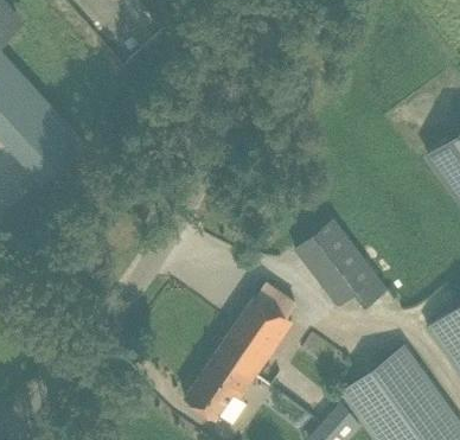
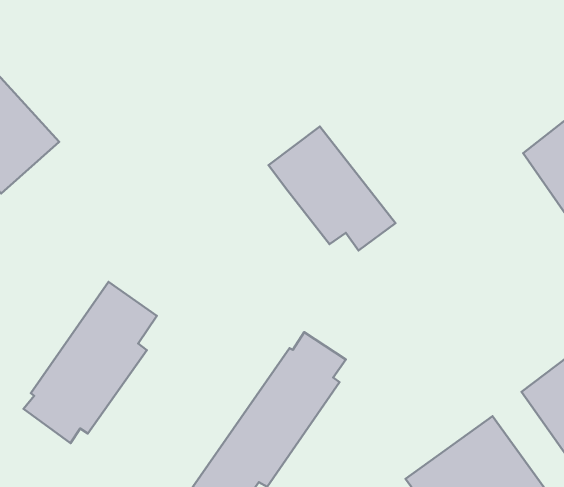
building: [294,219,388,311] -> [268,126,396,251]
building: none -> [24,282,157,443]

